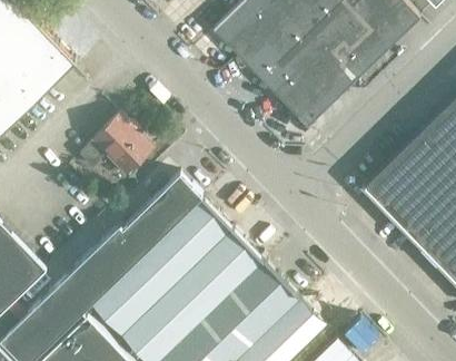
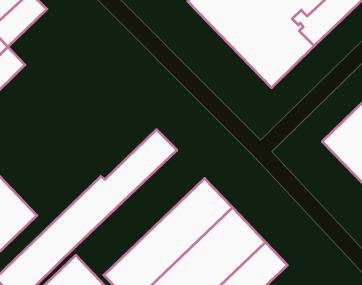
building: [14,39,77,101] -> none
building: [79,114,155,174] -> none
building: [90,197,234,336] -> none

